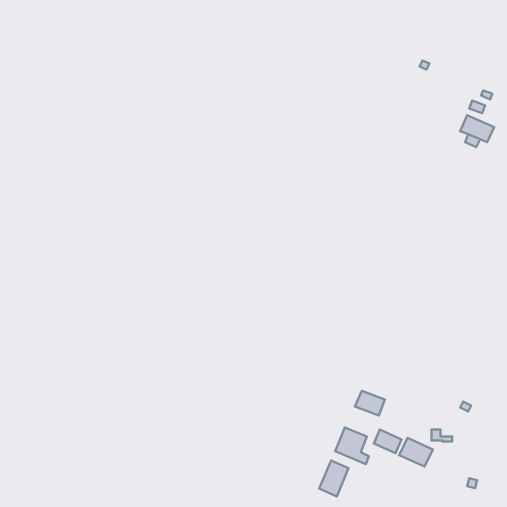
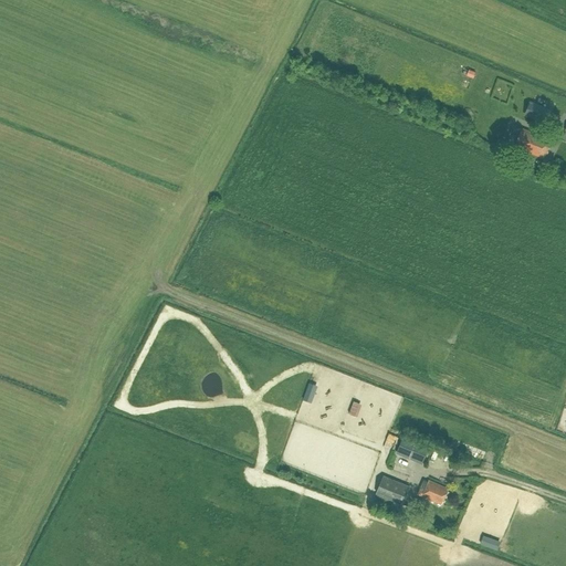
building: [399,438,433,467] -> none
building: [319,461,349,496] -> none

